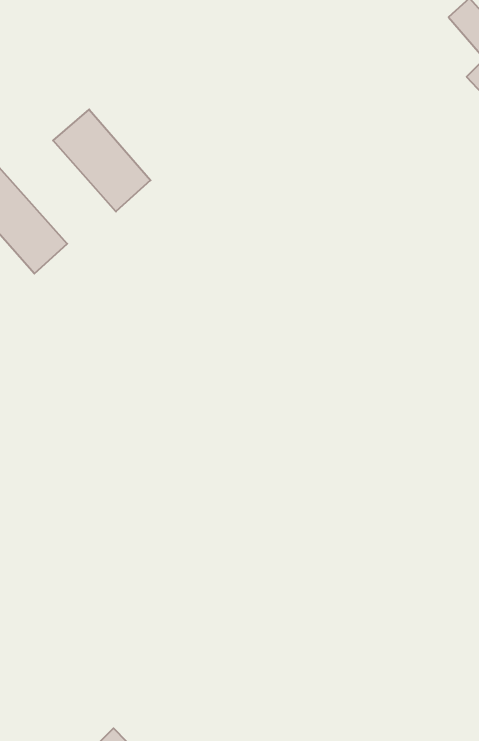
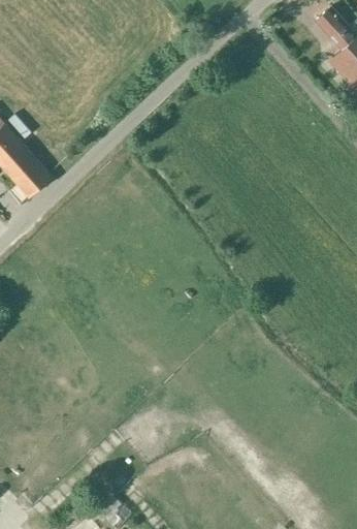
building: [53,109,151,212] -> none

